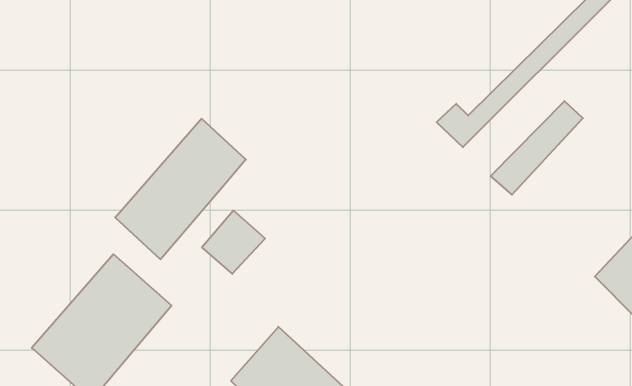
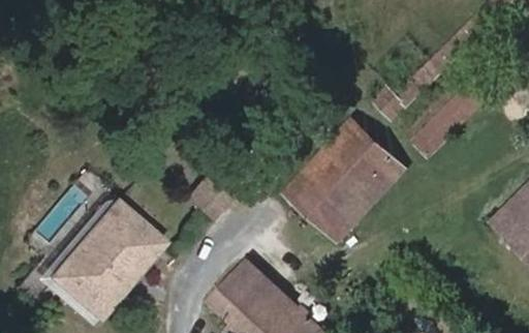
building: [115,119,246,259] -> none
building: none -> [284,120,403,239]

